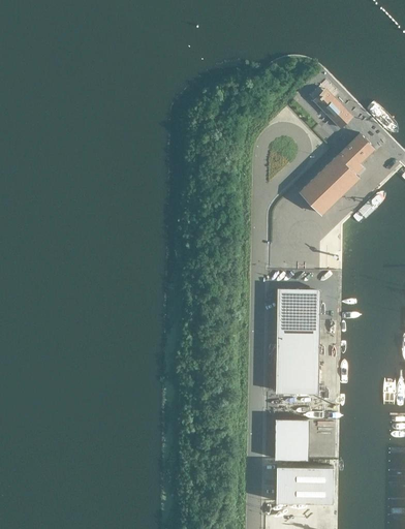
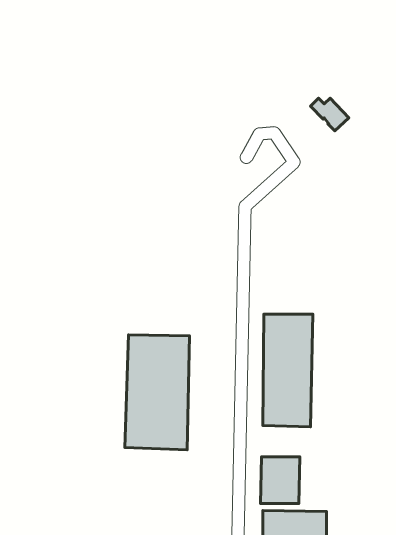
building: [300,134,374,215] -> none
building: none -> [125,335,189,450]

